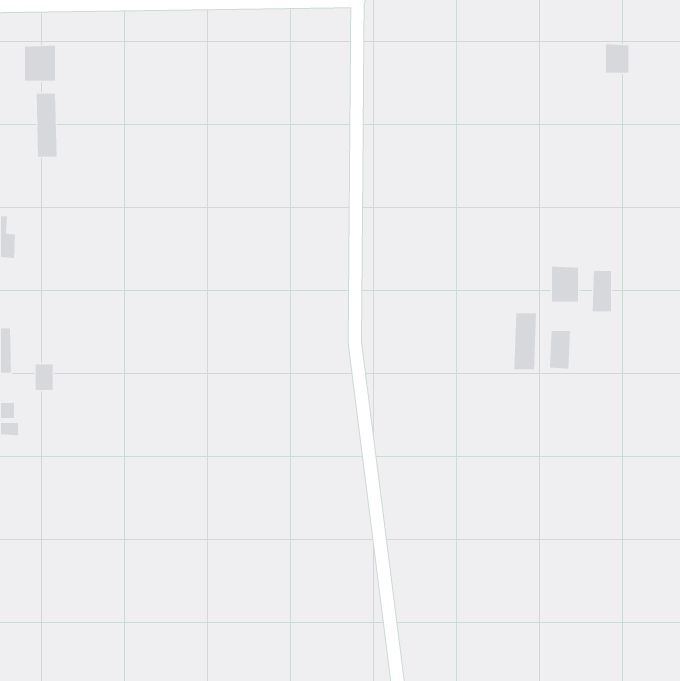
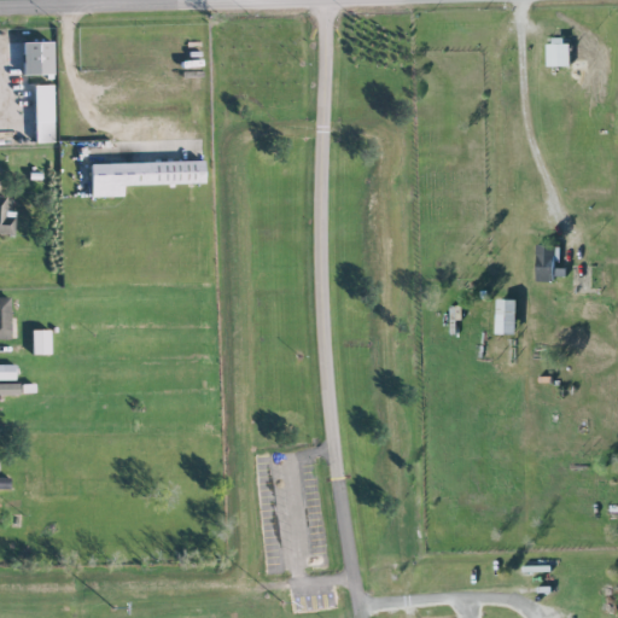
building: none -> [91,161,204,197]
building: [551,266,578,302] -> none
building: [514,313,536,370] -> none

